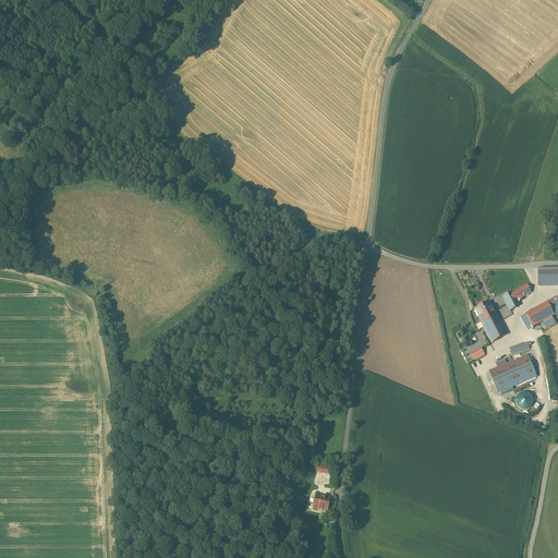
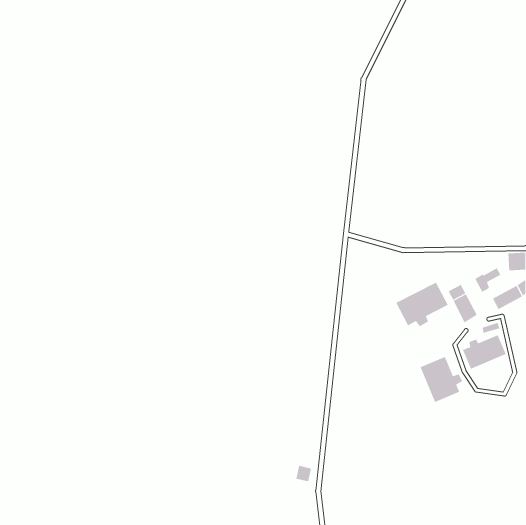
building: none -> [396,282,448,327]
building: none -> [420,356,463,403]

